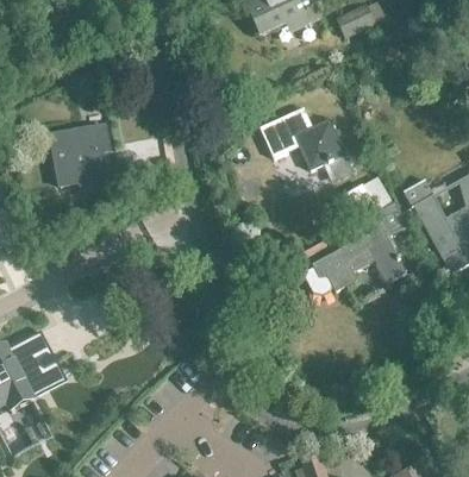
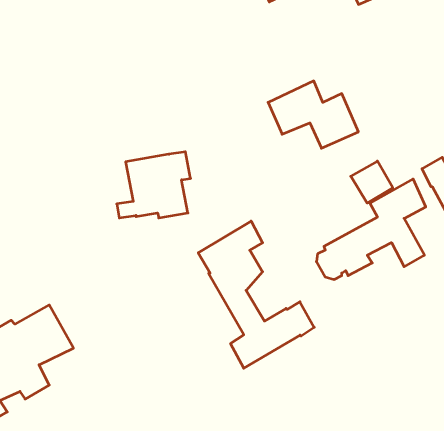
building: [40,126,110,188] -> [117,152,191,218]
building: none -> [198,221,314,368]

